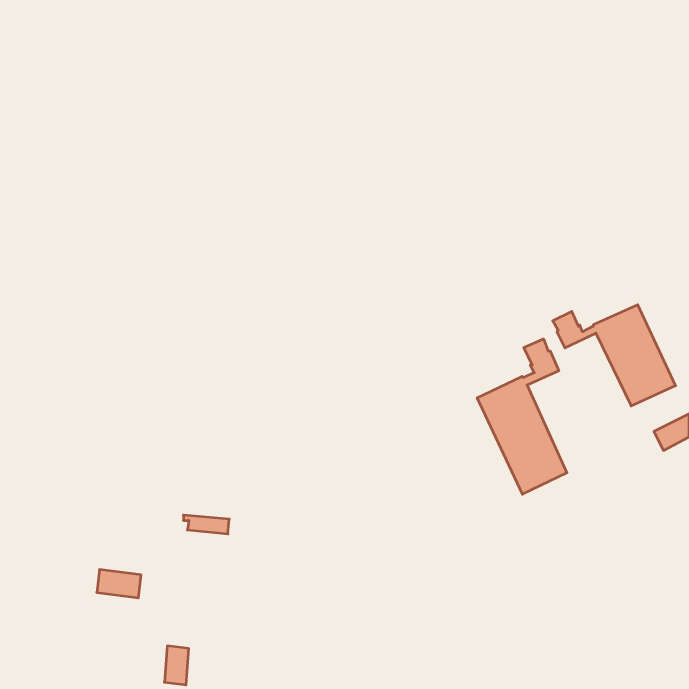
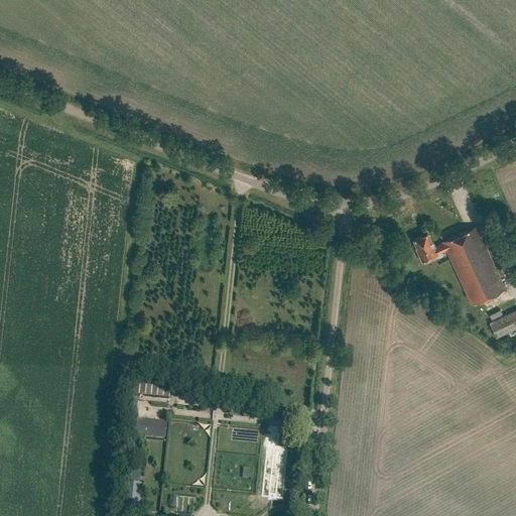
building: [477,339,567,494] -> none
building: [97,570,141,598] -> [134,419,167,440]

